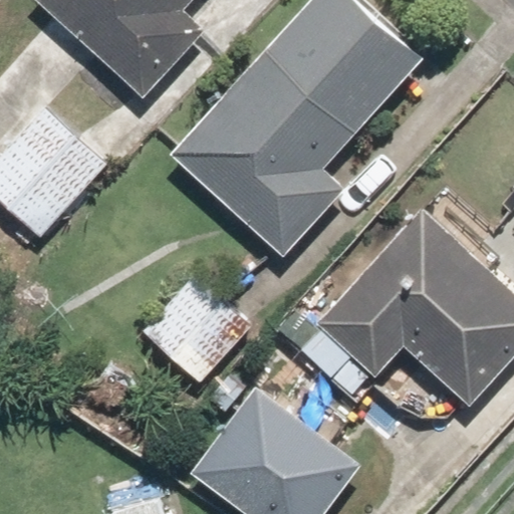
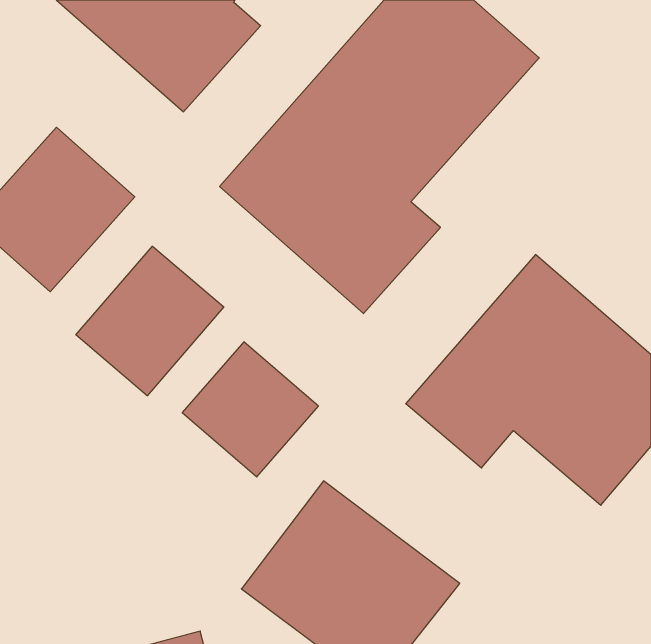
building: none -> [76,246,224,396]

